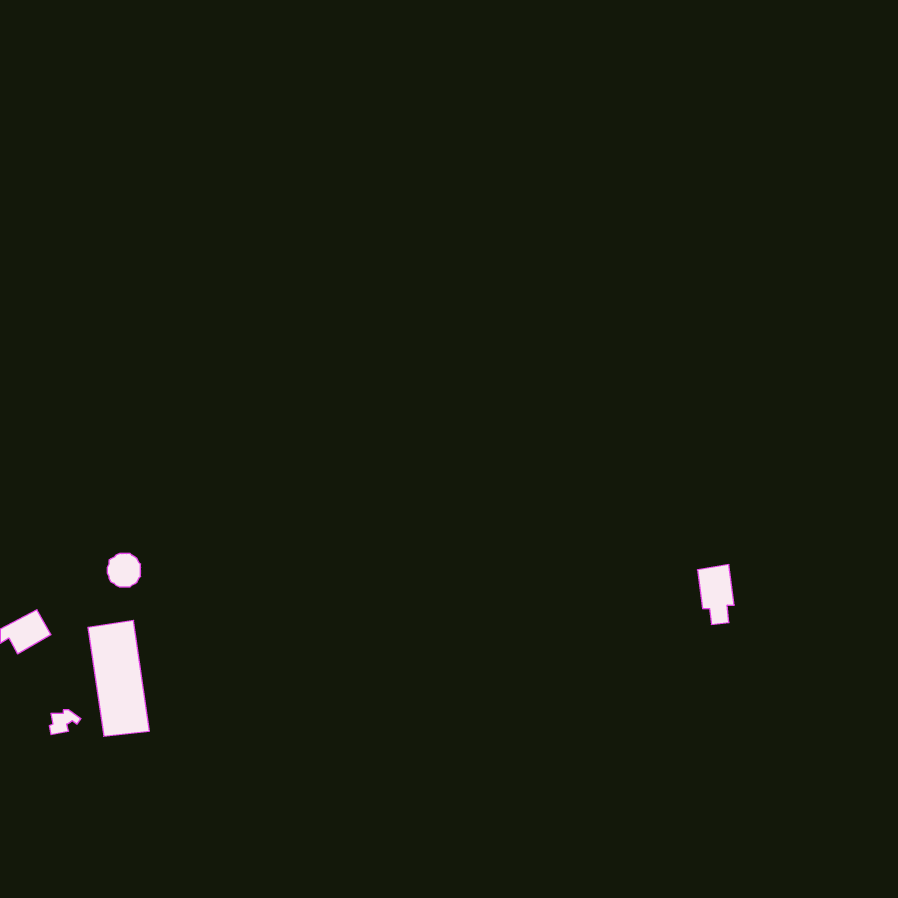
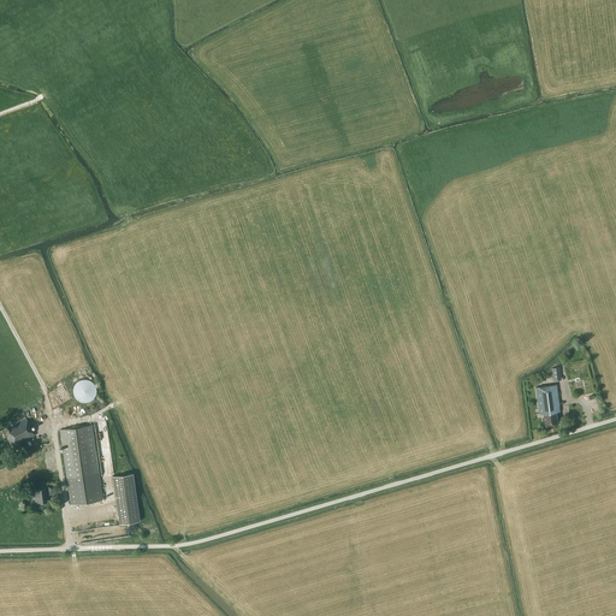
building: [697,565,734,624] -> [535,384,561,425]
building: none -> [112,473,140,523]

